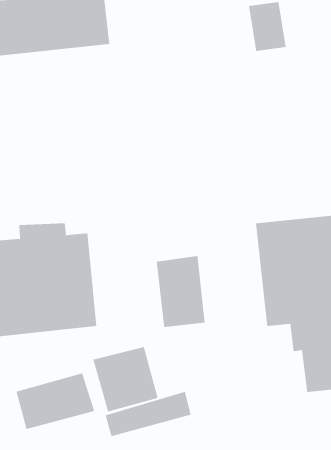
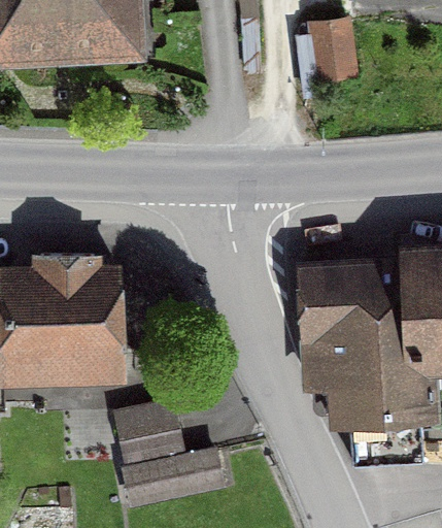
building: [156,255,205,328] -> none
building: [16,373,95,430] -> none

